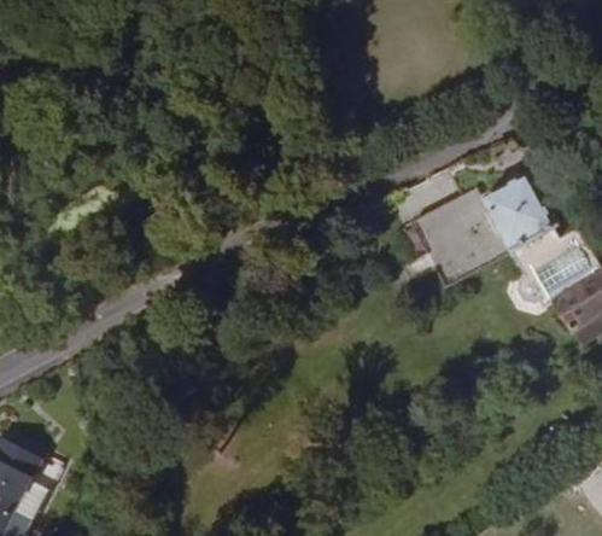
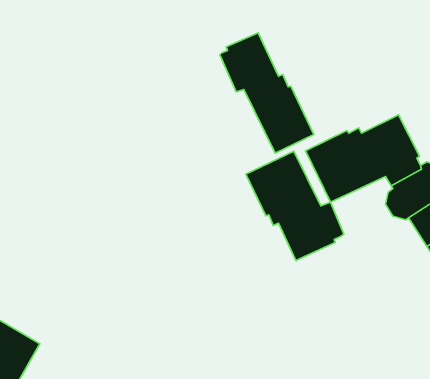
building: none -> [220,33,314,153]
building: none -> [246,151,344,260]

